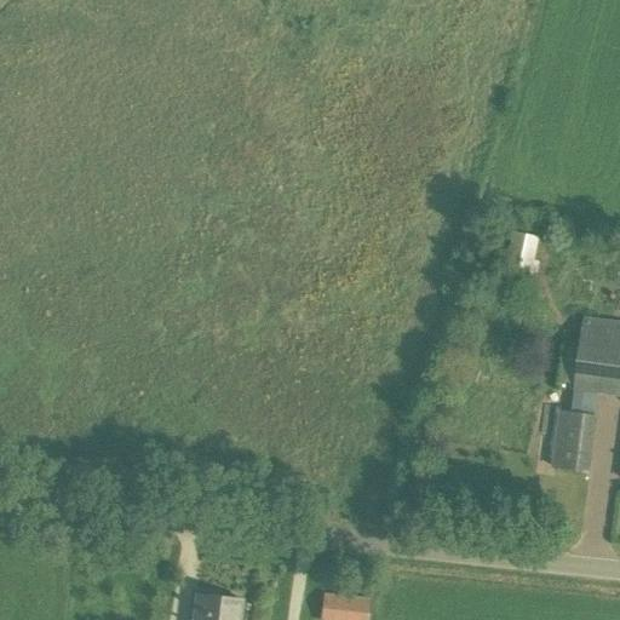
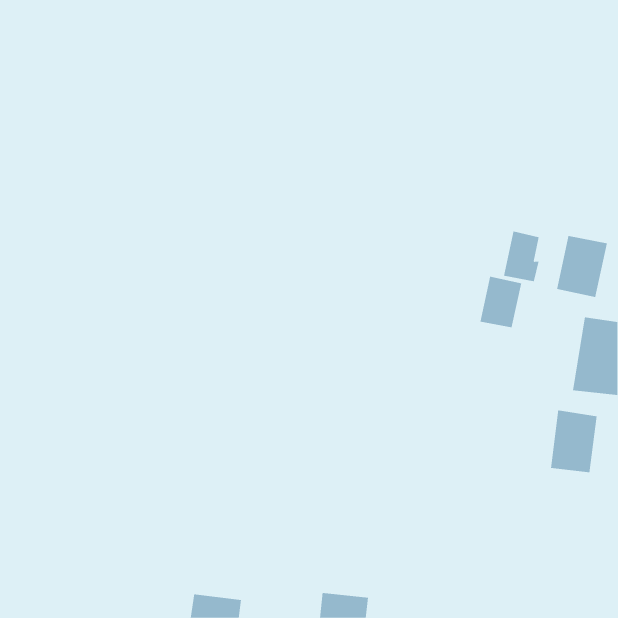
building: none -> [557,235,607,298]
building: none -> [480,276,522,328]

